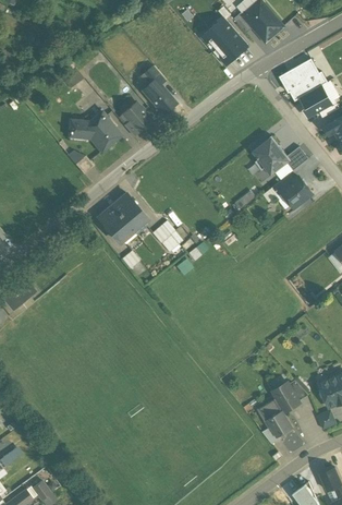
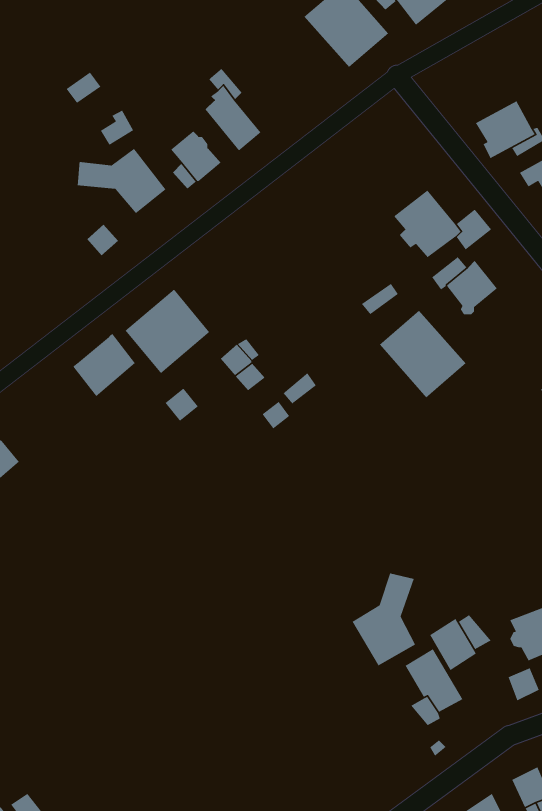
building: [278,59,326,100] -> none
building: none -> [379,310,466,398]
building: none -> [73,333,136,397]
building: none -> [352,572,416,666]

